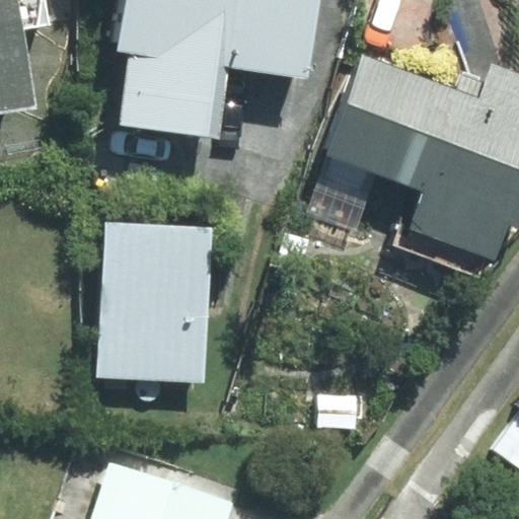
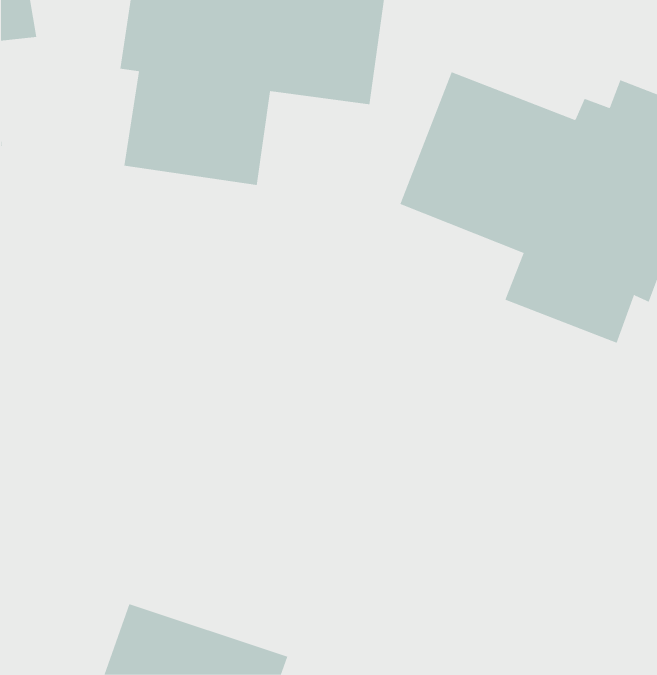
building: [96,222,210,382] -> none

